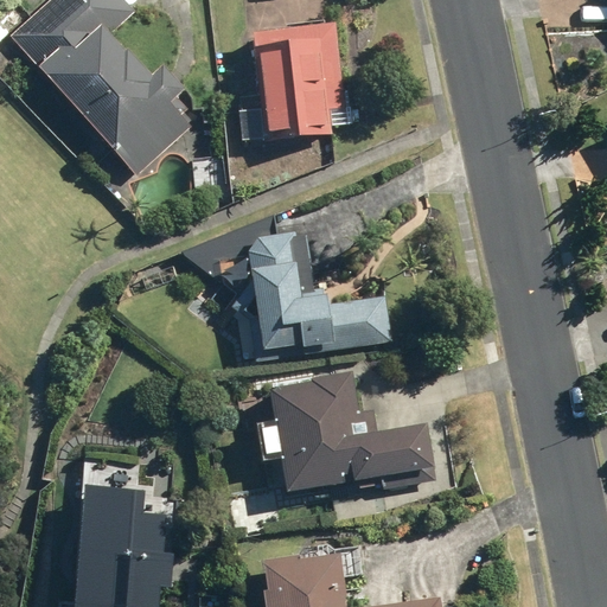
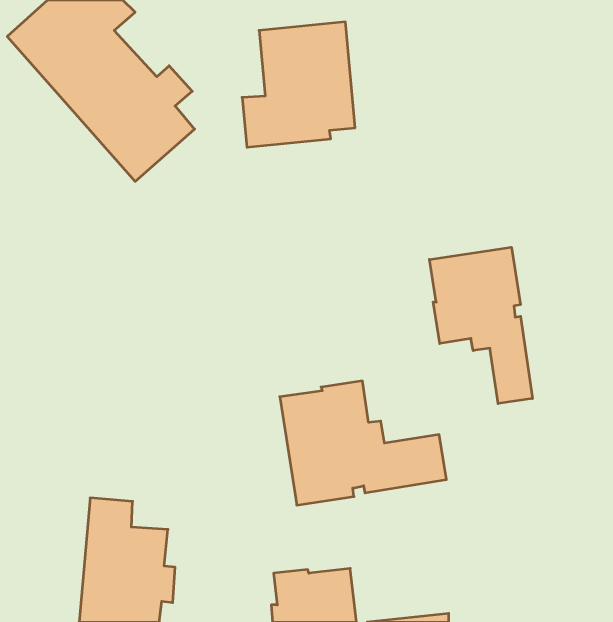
building: [230,229,389,362] -> none
building: none -> [429,247,532,404]

